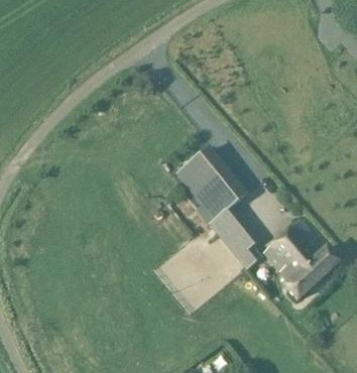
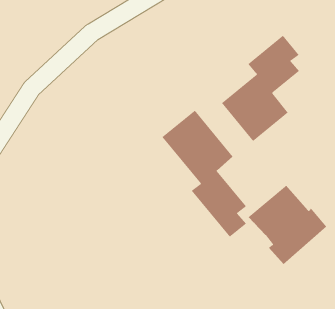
building: none -> [221,35,300,142]

